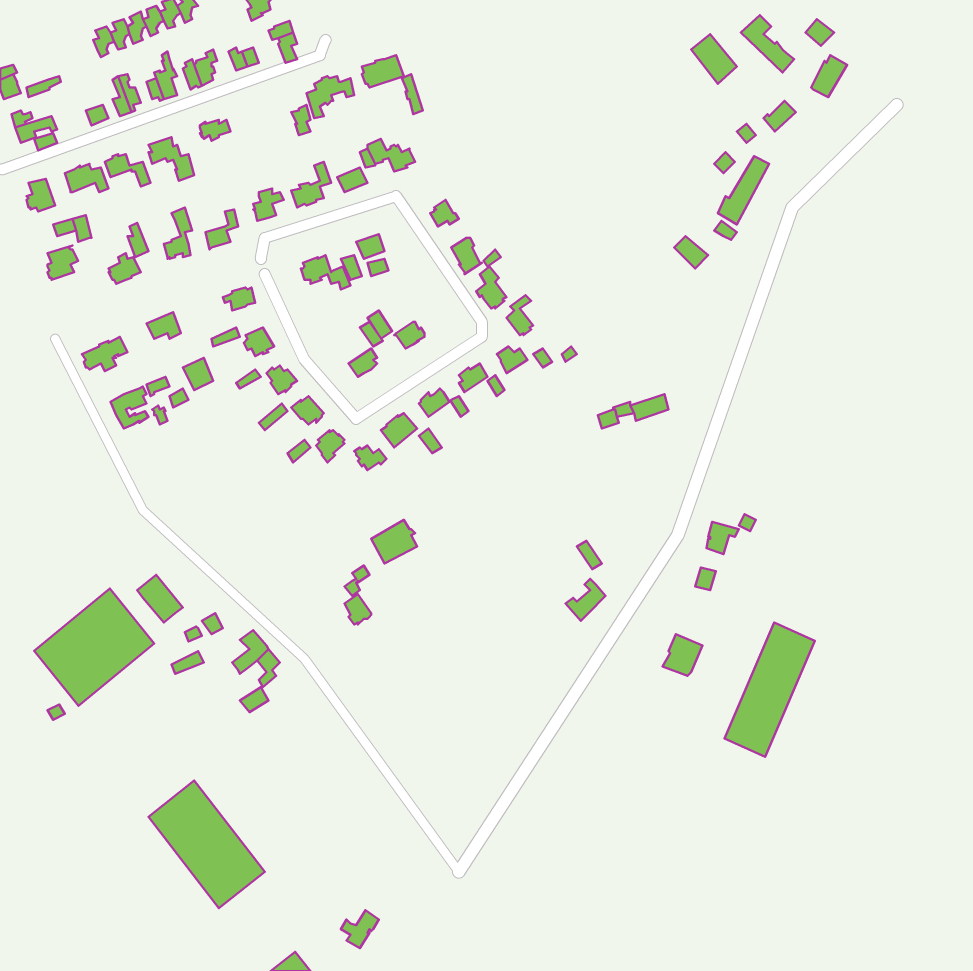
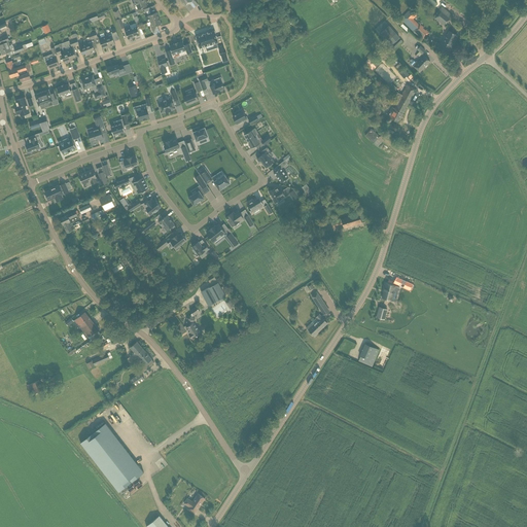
building: [34,588,154,706] -> none
building: [724,623,815,757] -> none

